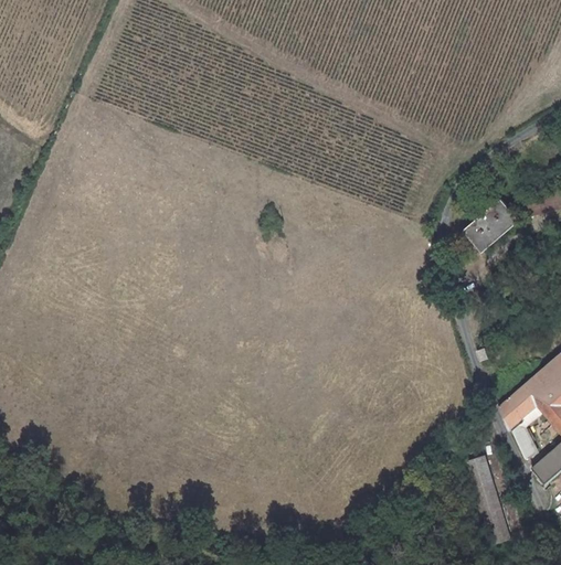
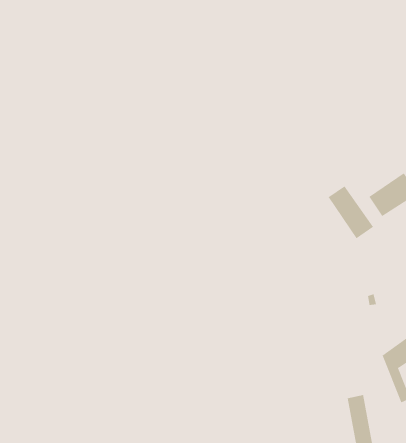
building: none -> [328,185,374,239]

